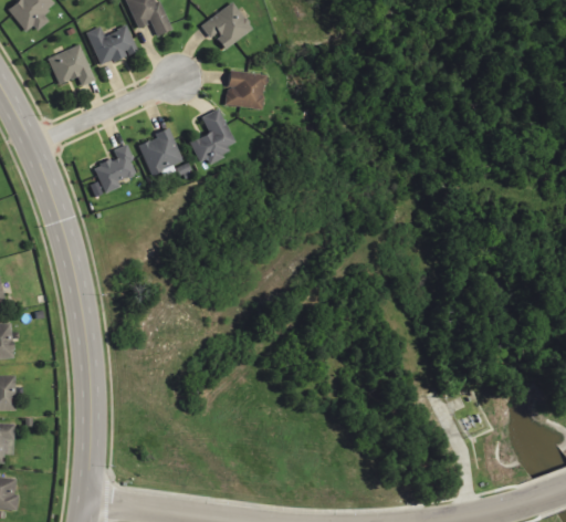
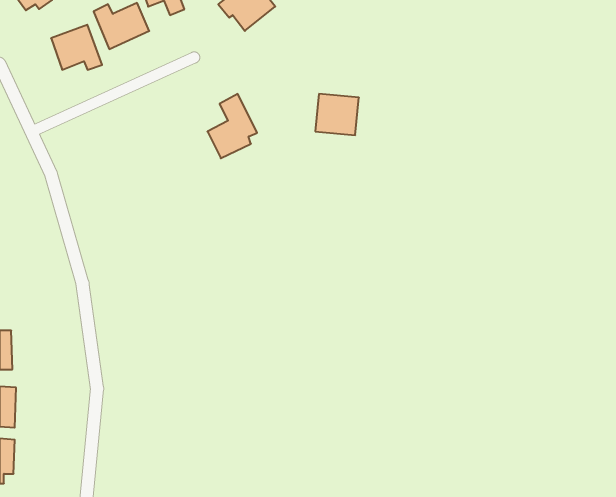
building: [226,71,265,108] -> [315,94,359,135]
building: [138,127,182,175] -> none
building: [93,144,138,194] -> none

